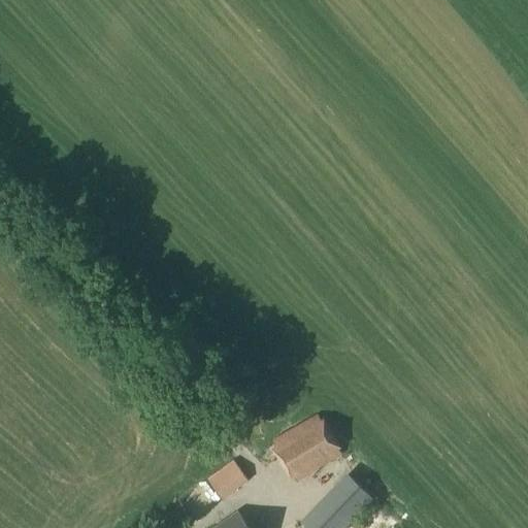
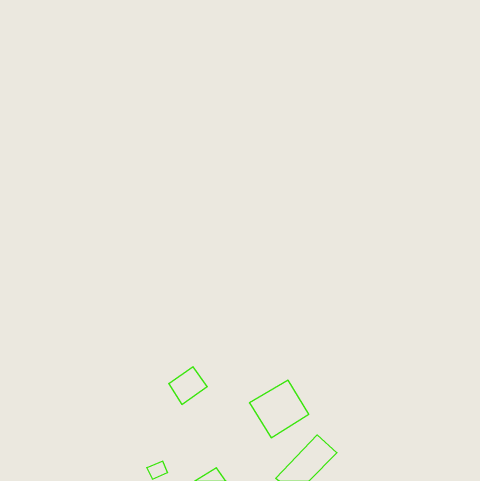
building: [205,460,248,501] -> [169,367,207,404]

